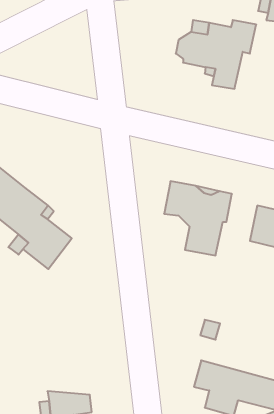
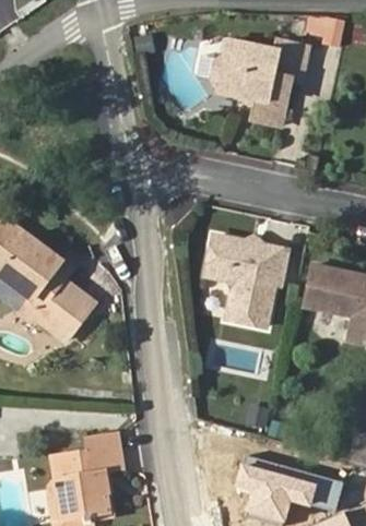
building: none -> [55,432,123,494]

